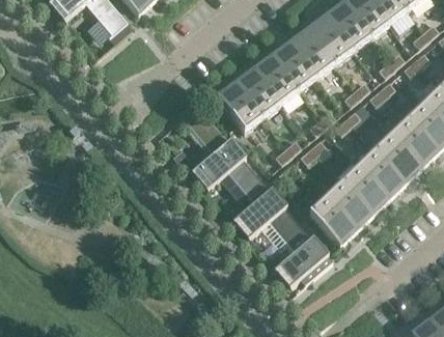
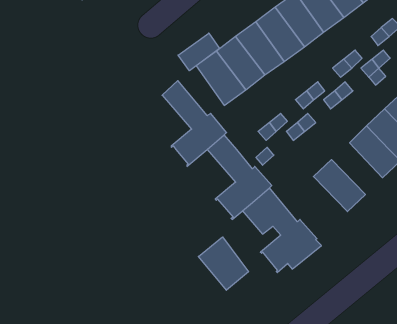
building: none -> [178,33,220,71]
building: [340,166,387,214] -> none
building: [307,197,355,245] -> none
building: none -> [198,237,249,290]

